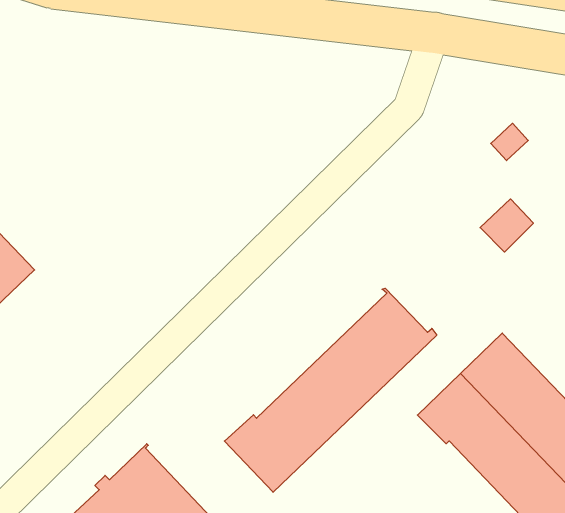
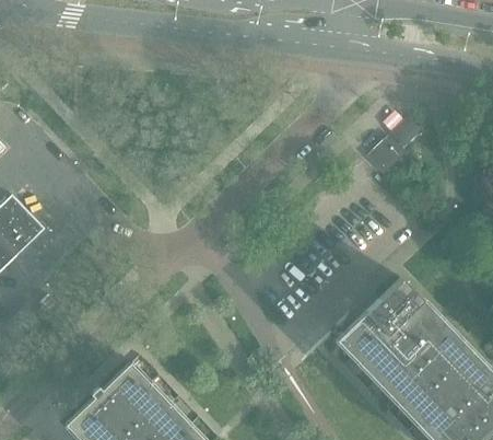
building: [480,199,533,252] -> [367,135,408,175]
building: [224,288,437,492] -> none

